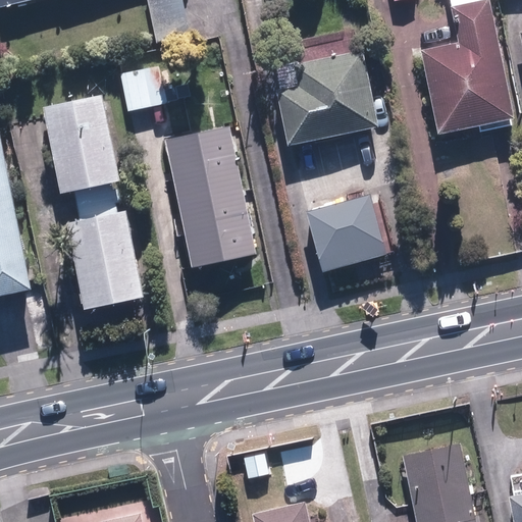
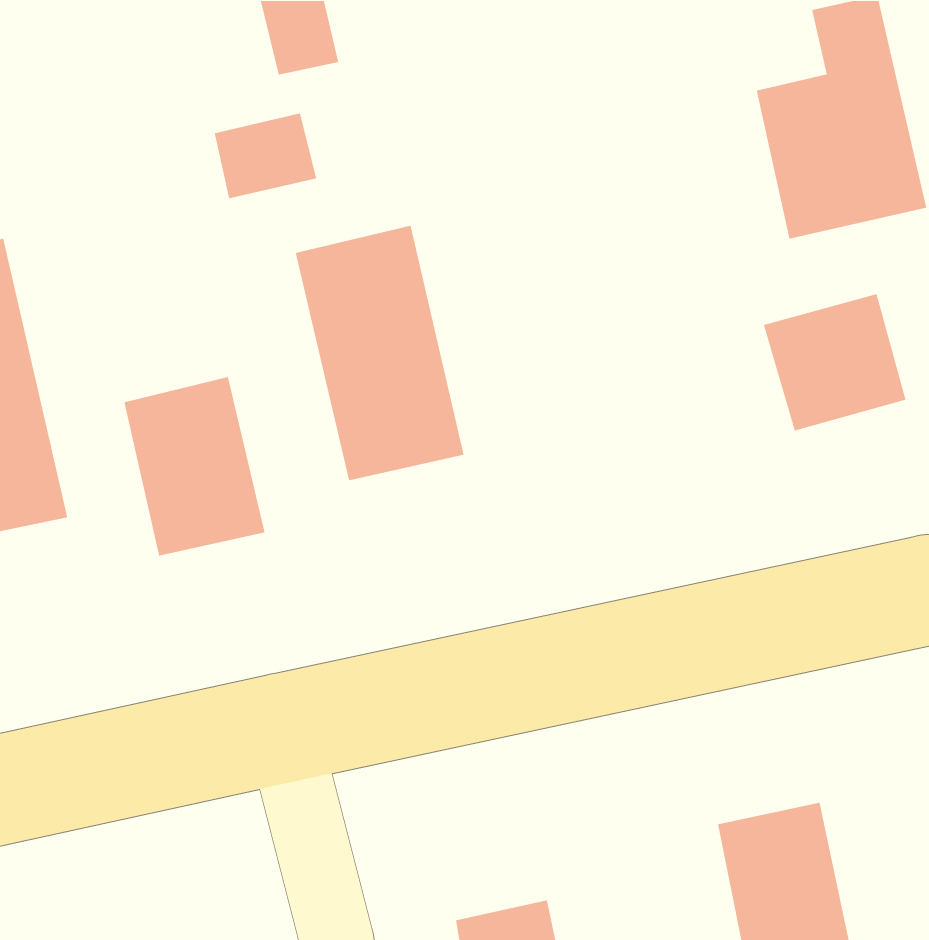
building: [276,50,379,146] -> none
building: [42,94,121,194] -> none
building: [305,195,384,271] -> [763,293,907,431]

